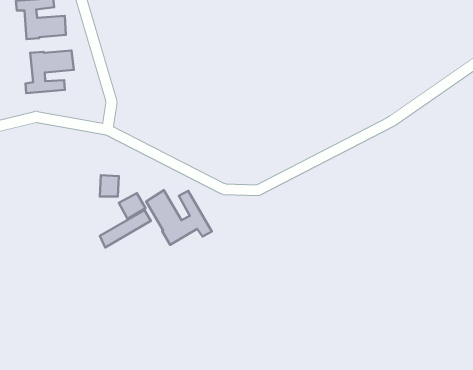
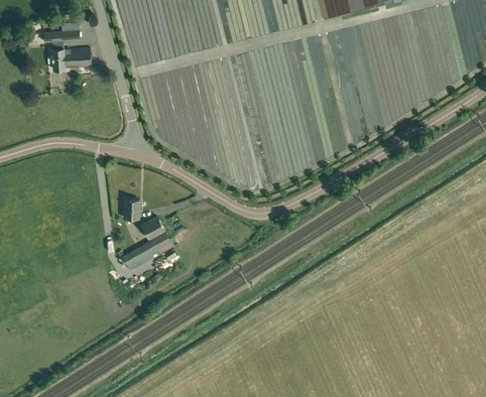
building: [25,50,74,93] -> none
building: [146,190,212,245] -> none

